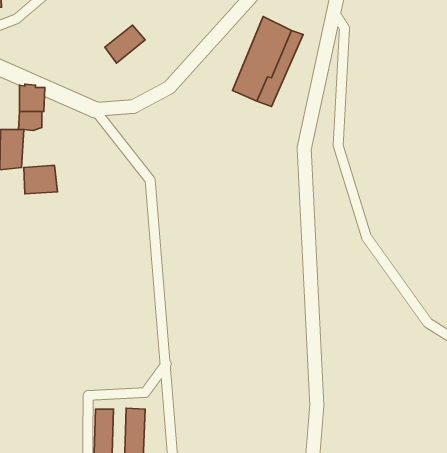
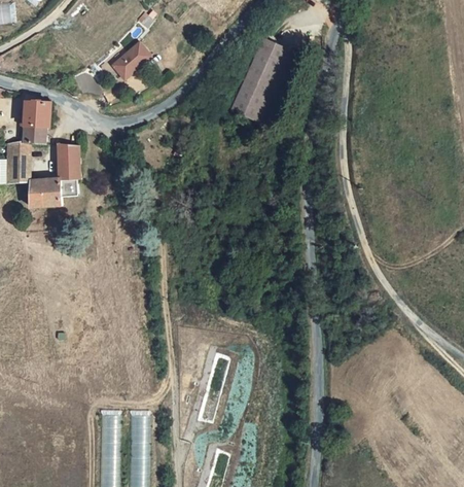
building: none -> [56,144,78,178]

